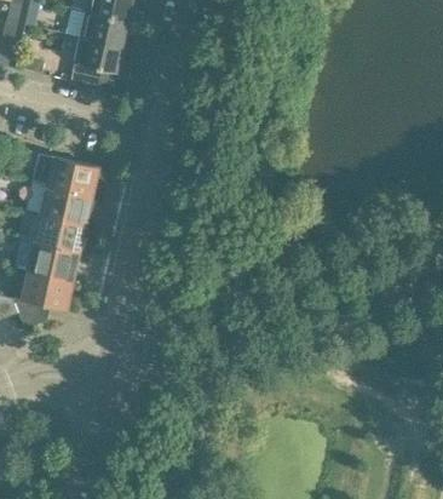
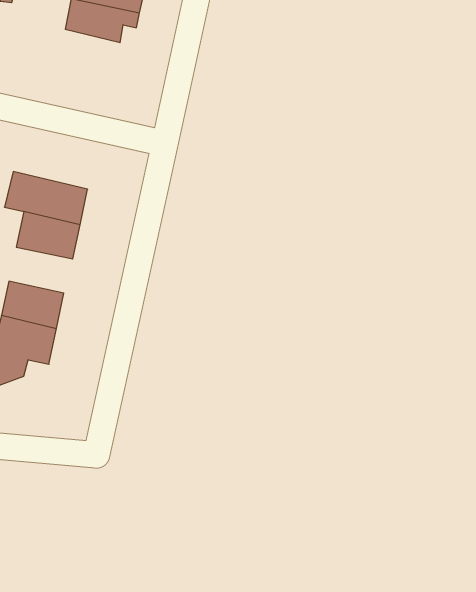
building: [69,36,131,93] -> none
building: [33,214,85,252] -> none

